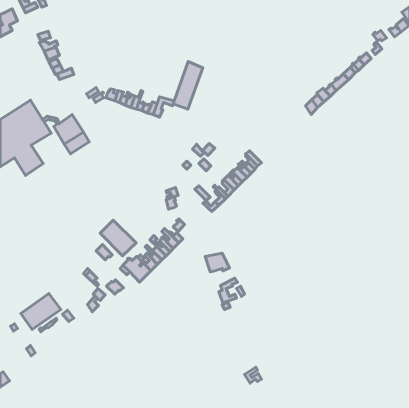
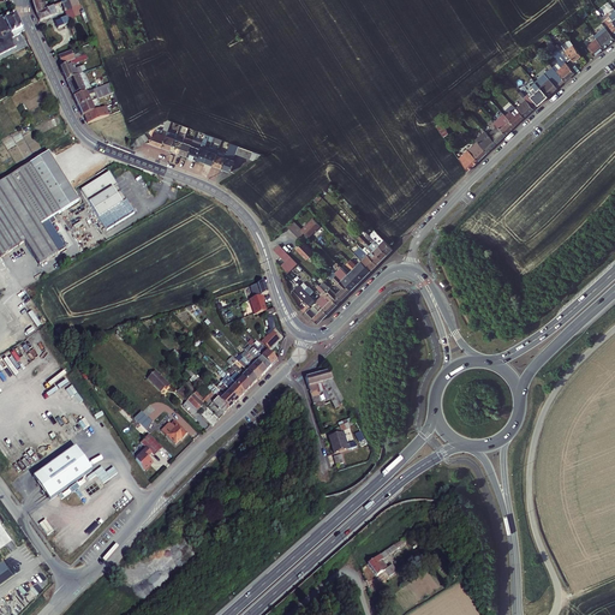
building: [173,62,203,109] -> none
building: [100,220,136,256] -> none

